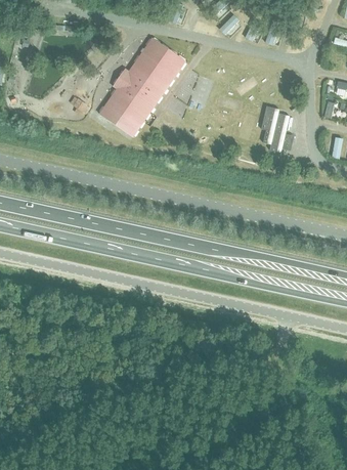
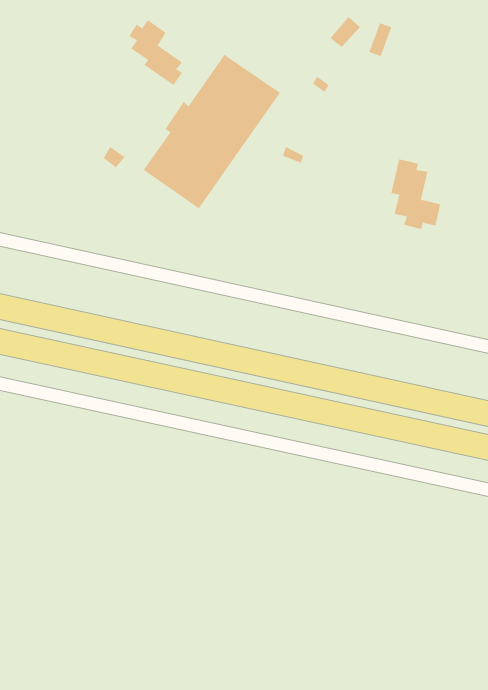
building: none -> [128,19,183,86]

